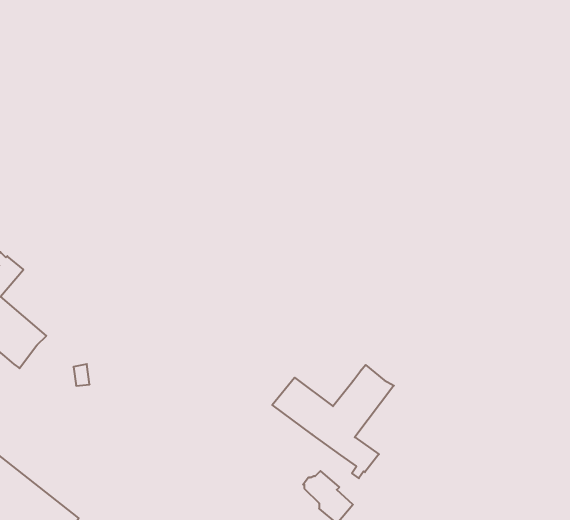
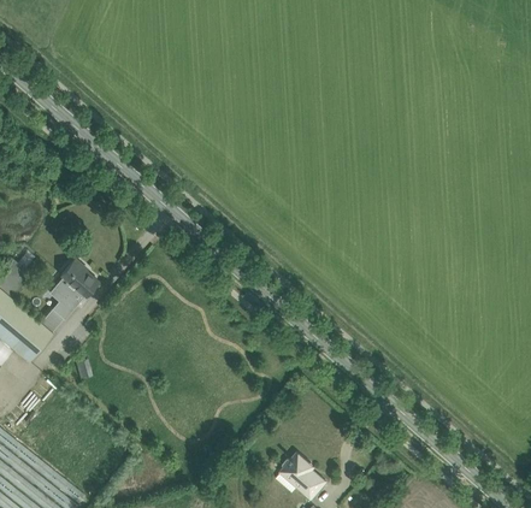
building: none -> [48,260,96,320]
building: [272,365,394,478] -> none

